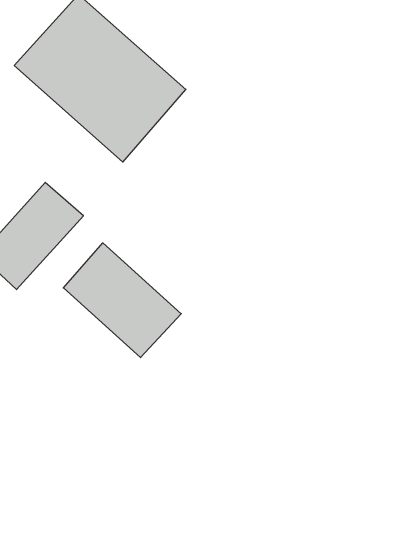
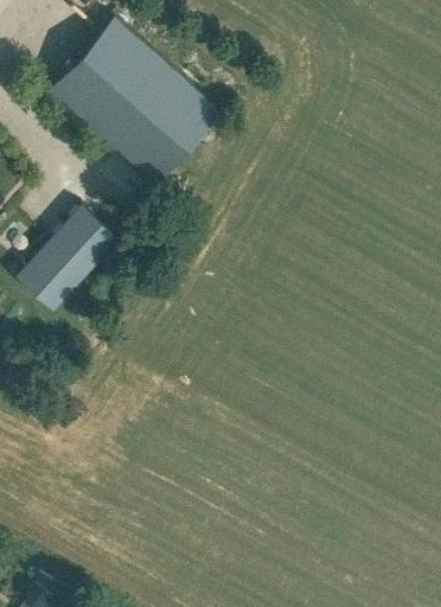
building: [63,243,181,358] -> none

